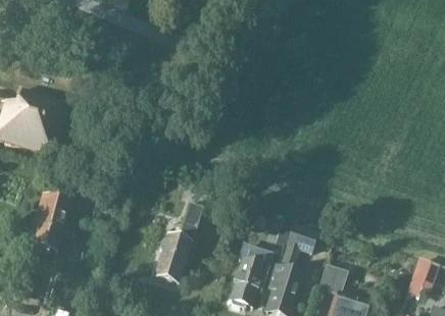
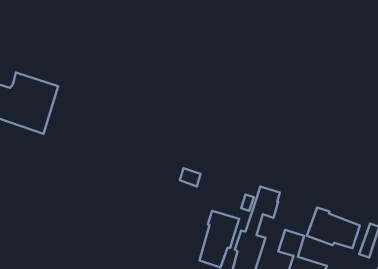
building: [30,192,71,251] -> none
building: [155,203,203,284] -> none
building: none -> [307,207,360,248]

